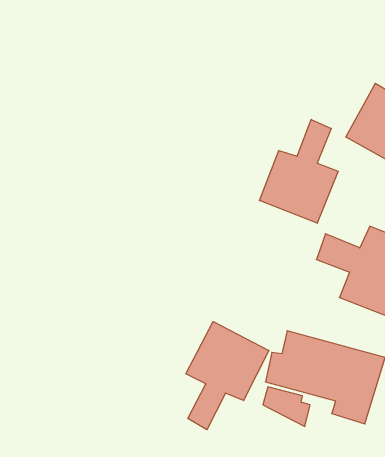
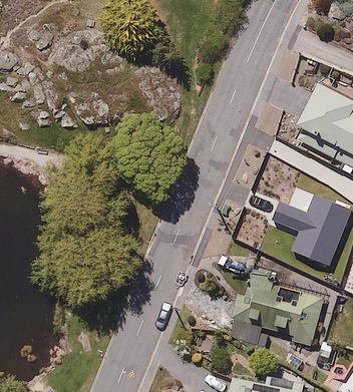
building: [259,119,338,223] -> none
building: [186,322,269,430] -> none

